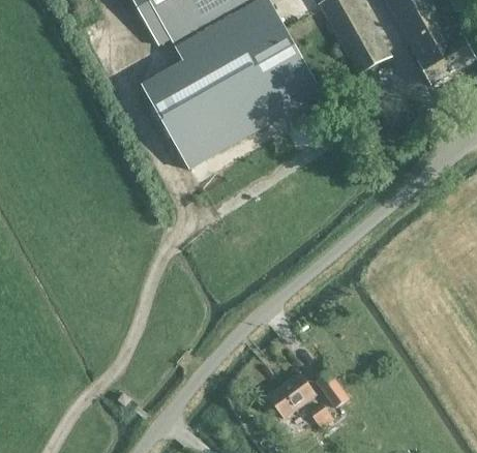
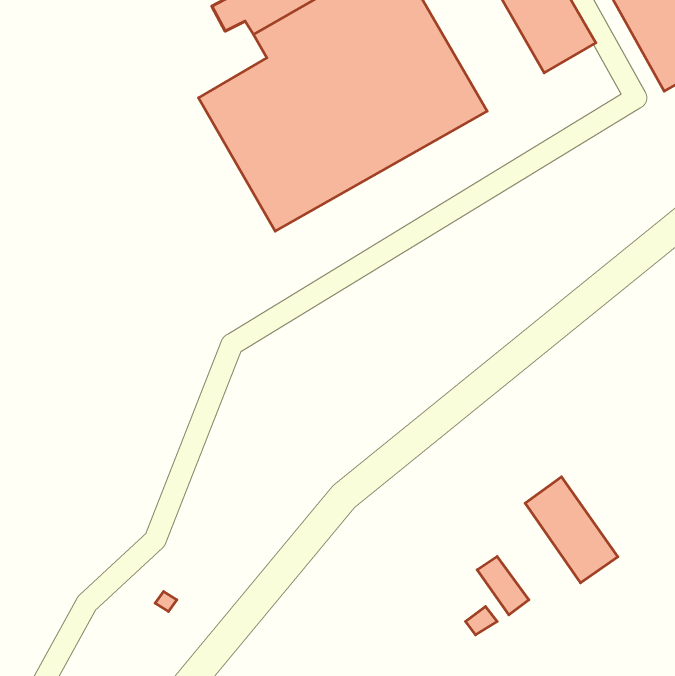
building: none -> [525,477,618,583]
building: [268,371,316,415] -> none

